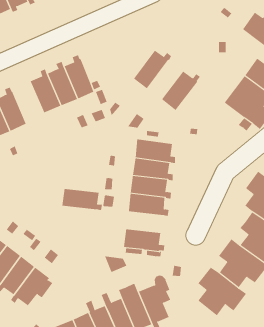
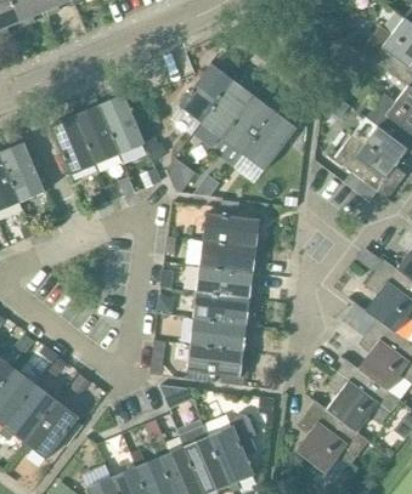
building: none -> [179,64,237,124]
building: none -> [221,97,280,154]
building: [61,188,103,211] -> [190,319,250,352]

